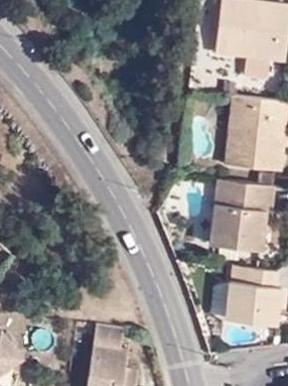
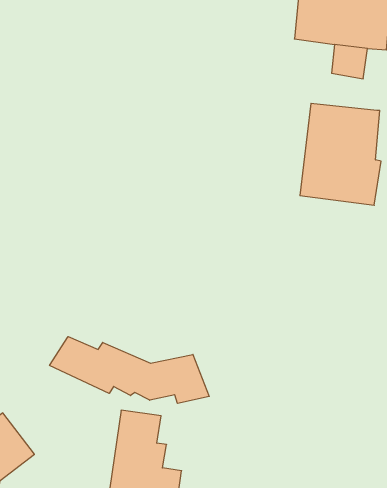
building: [208,183,273,254] -> none
building: none -> [50,337,209,403]
building: [226,273,280,330] -> none

